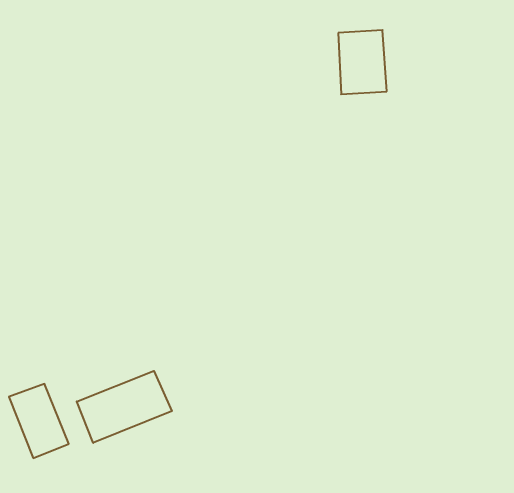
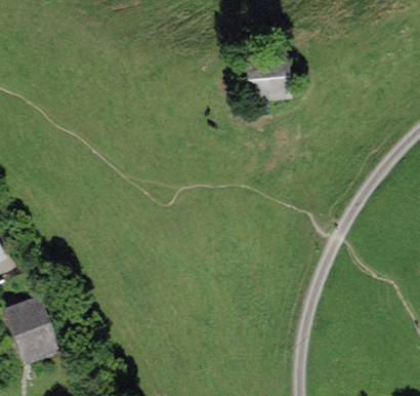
building: [77,371,172,443] -> none

